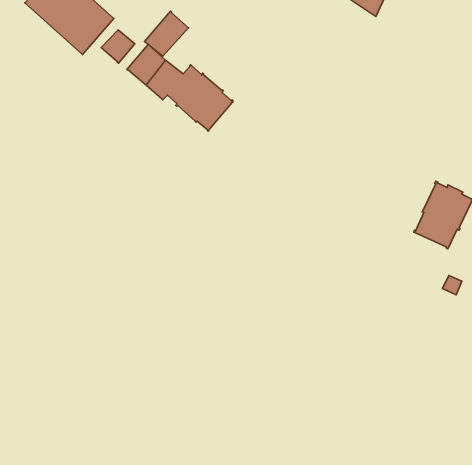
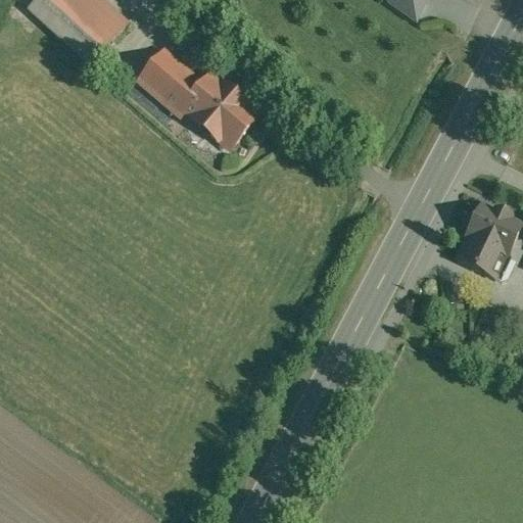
building: [145,11,189,56] -> none
building: [101,30,135,63] -> none

